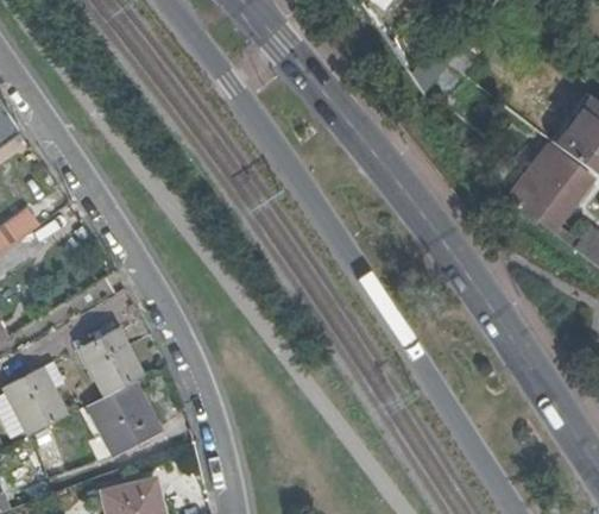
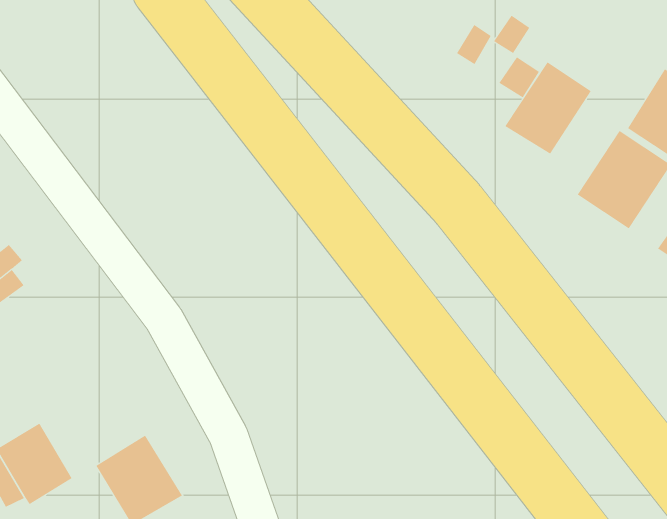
building: none -> [505,61,592,155]
building: [77,325,143,395] -> none

